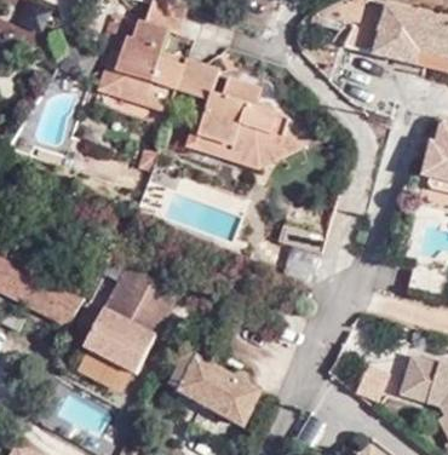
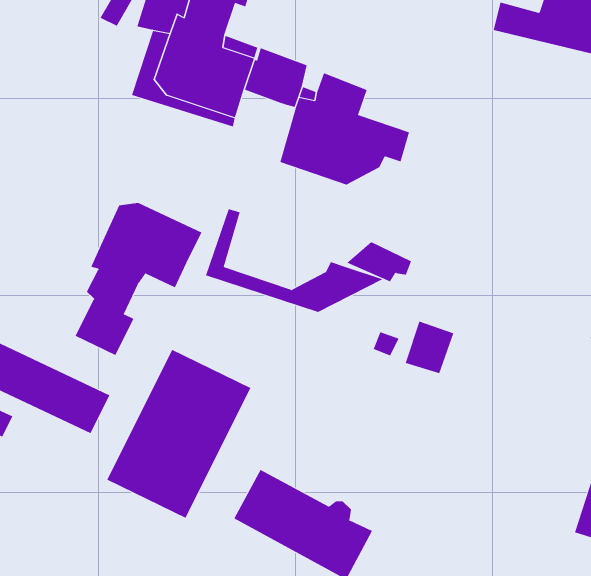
building: [186,97,309,168] -> [205,208,383,313]
building: none -> [75,202,202,356]

